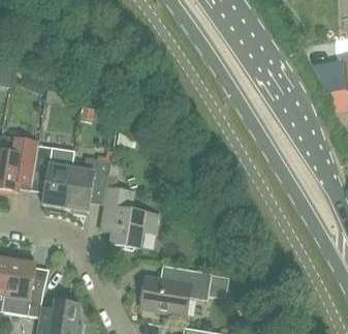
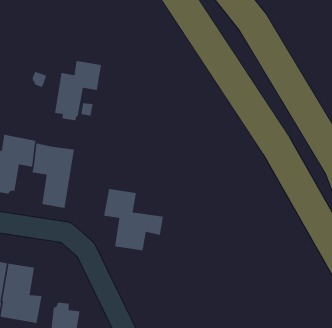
building: [65,156,110,214] -> [54,60,102,121]
building: [141,268,212,314] -> none

